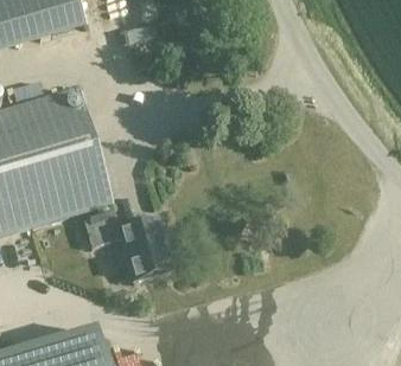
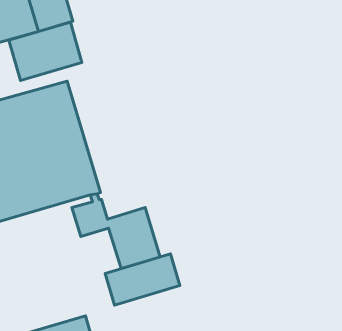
building: none -> [9,22,82,81]
building: none -> [105,254,180,305]

